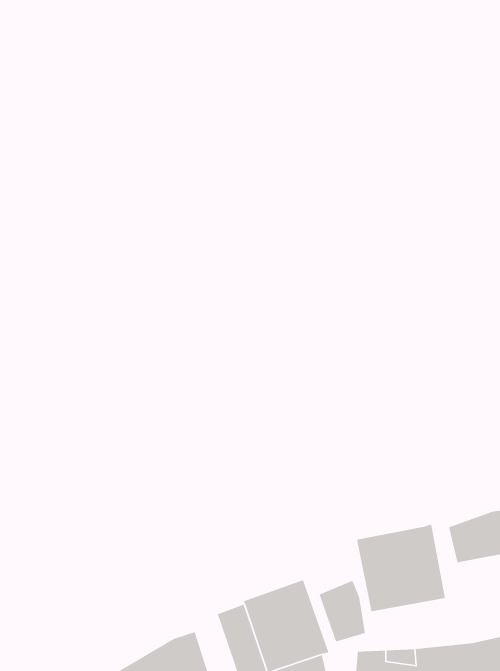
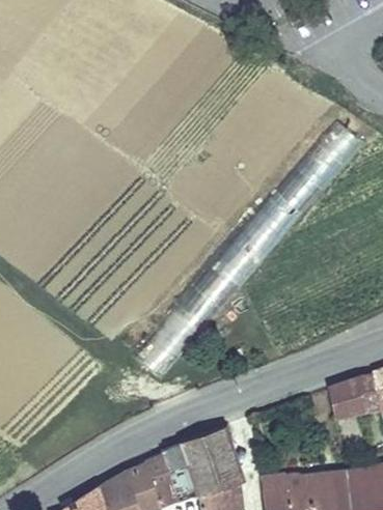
building: [356,524,446,612] -> none
building: [319,580,366,643] -> none

